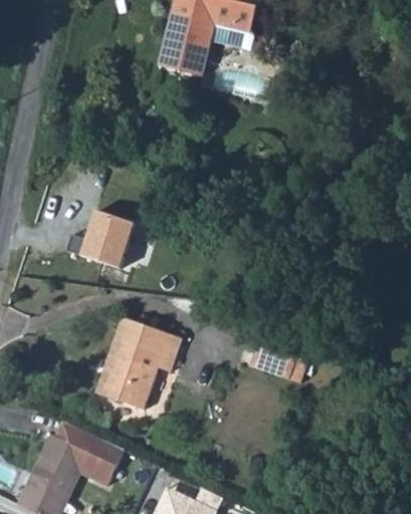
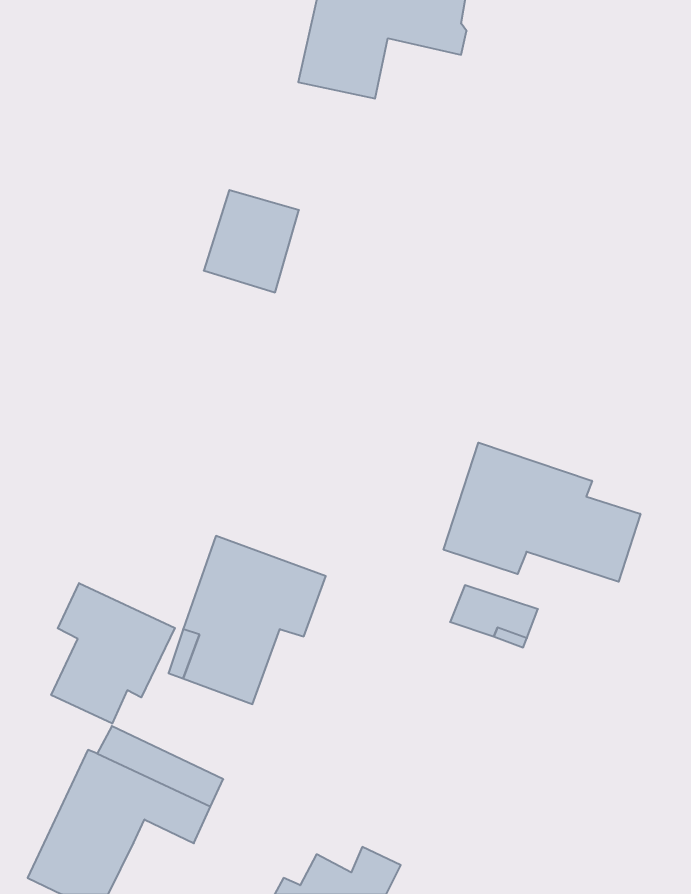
building: [78,208,131,264] -> [204,190,299,292]
building: none -> [444,443,640,582]
building: none -> [51,583,175,724]

